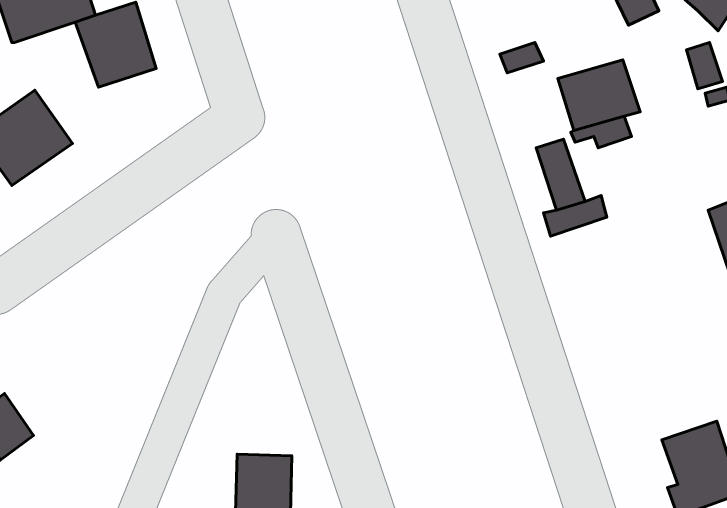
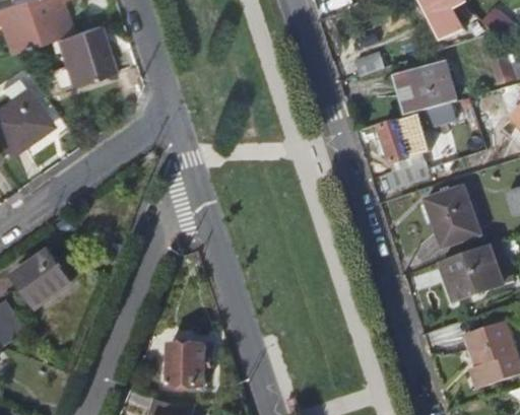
building: none -> [425,187,481,249]
building: none -> [441,248,497,300]
building: none -> [15,249,72,299]

